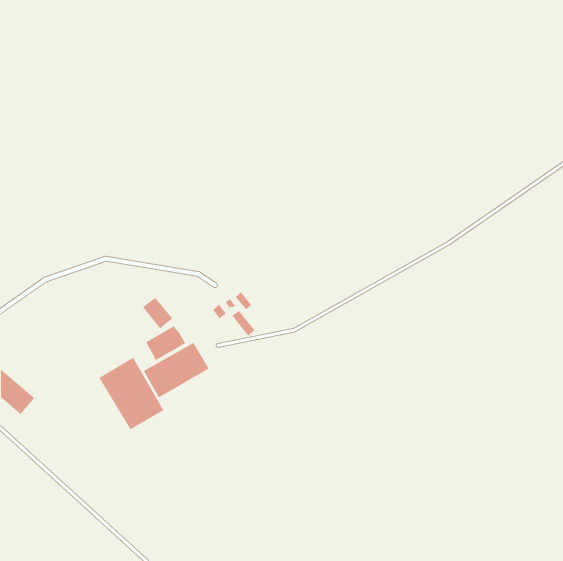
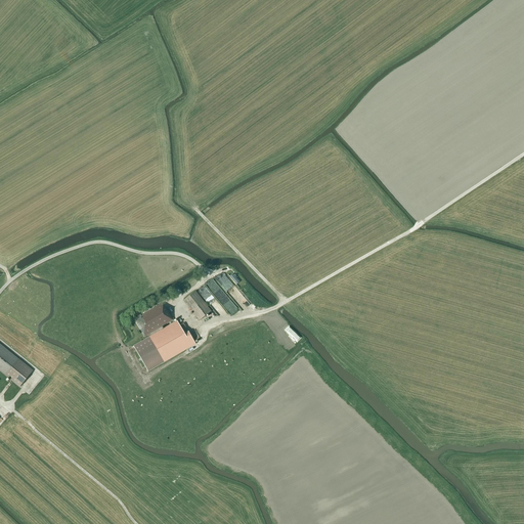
building: [142,297,173,329] -> [183,291,212,320]
building: [99,357,164,430] -> none

